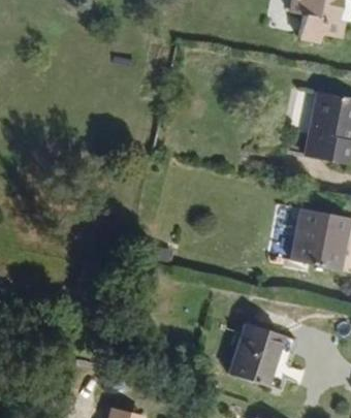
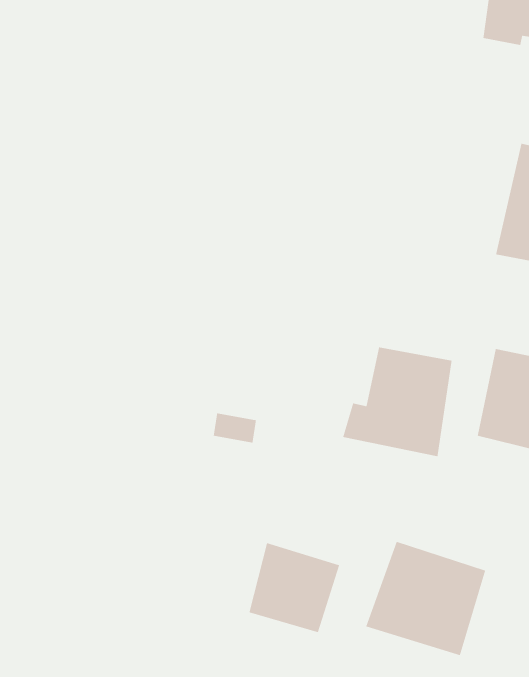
building: none -> [342,346,452,457]
building: none -> [248,542,340,633]

